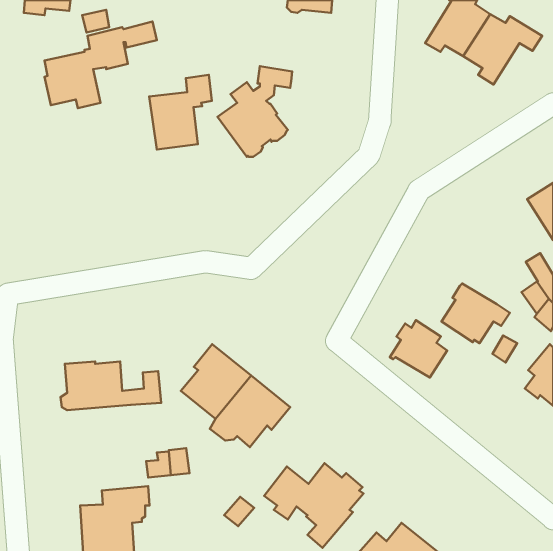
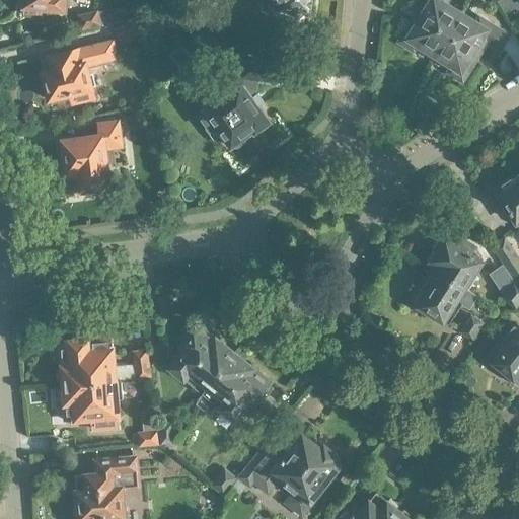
building: [149,75,212,150] -> [63,123,122,193]
building: [390,320,447,378] -> [428,233,481,287]
building: none -> [59,381,124,430]

